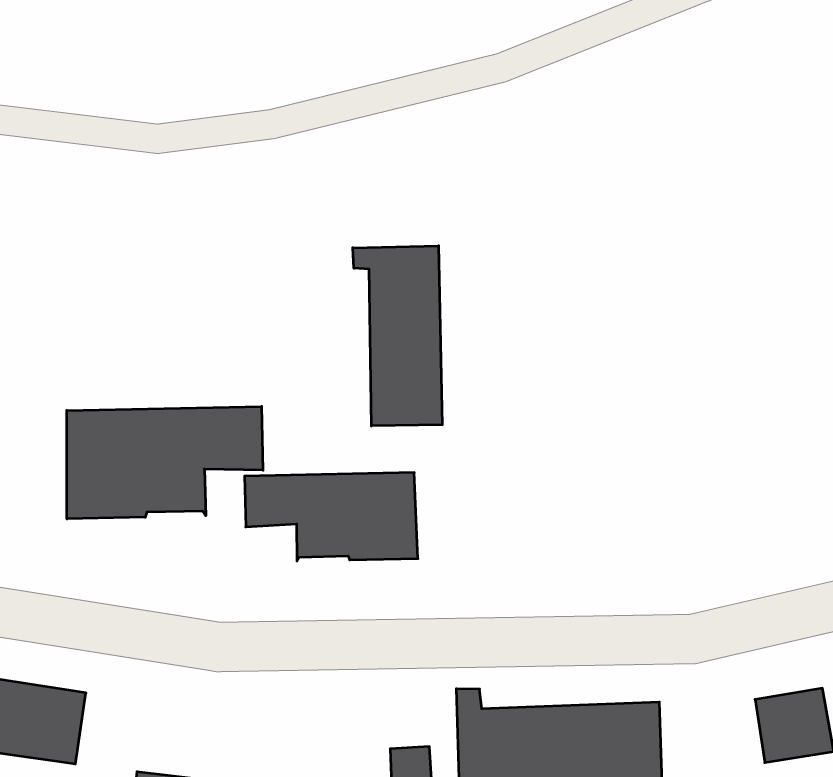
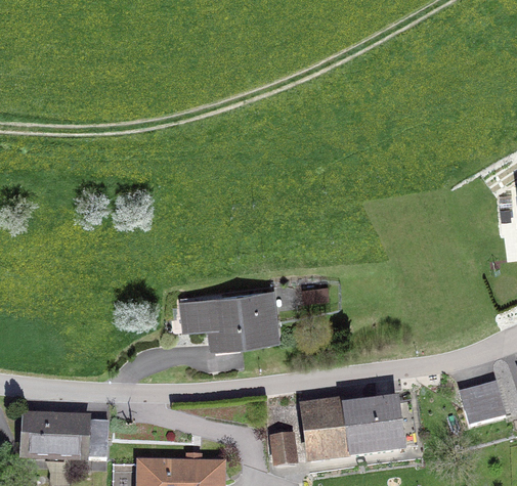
building: [353,246,442,426] -> none
building: [67,406,263,519] -> none

